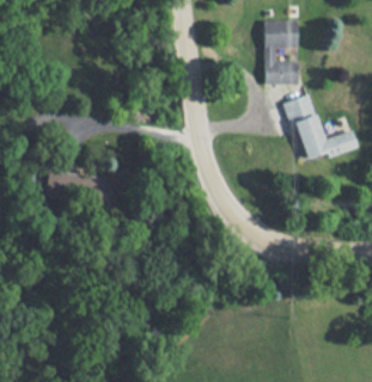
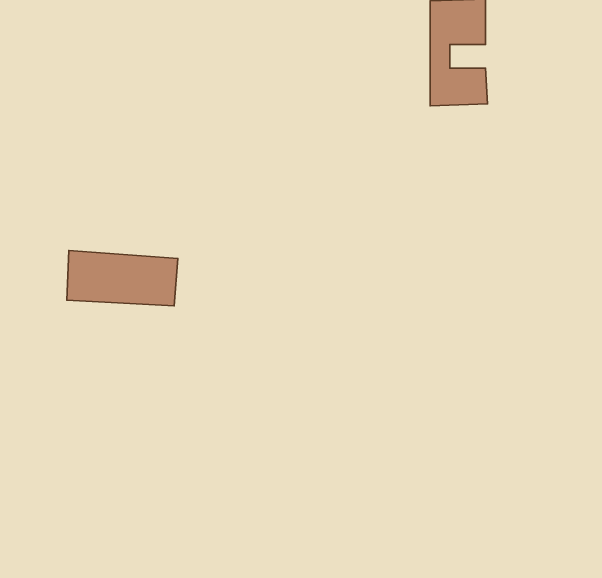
building: [283,94,359,160] -> none

